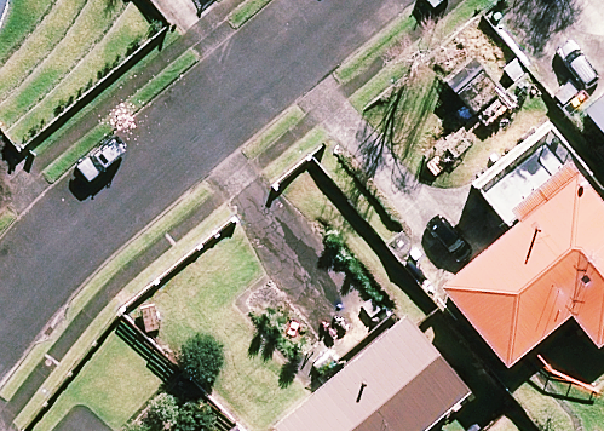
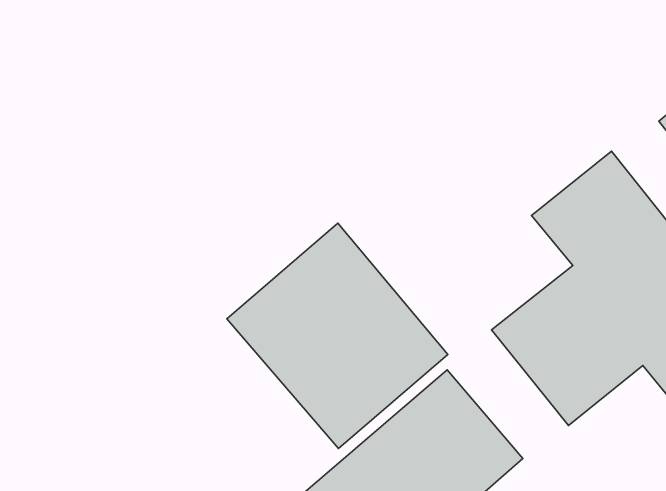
building: none -> [227,223,448,449]

